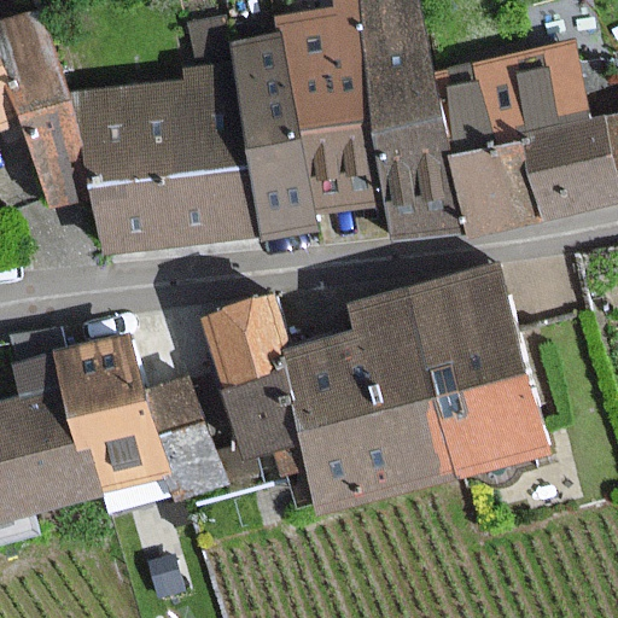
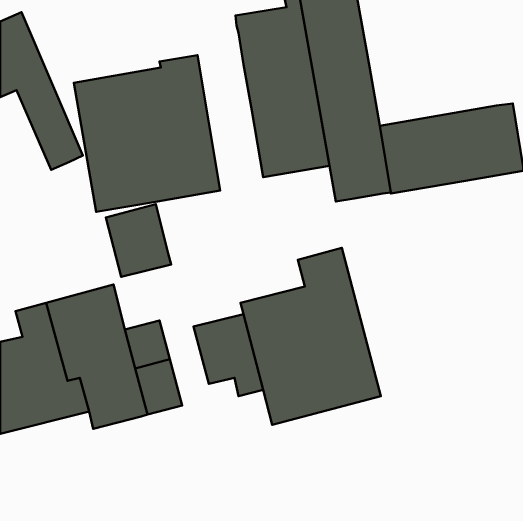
building: [229,39,313,233] -> none
building: [436,54,585,148] -> none
building: [403,269,538,467] -> none
building: [210,299,287,385] -> [106,204,171,277]

